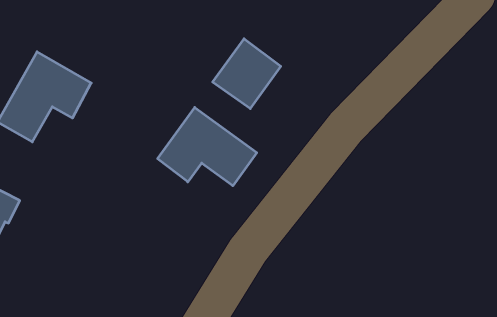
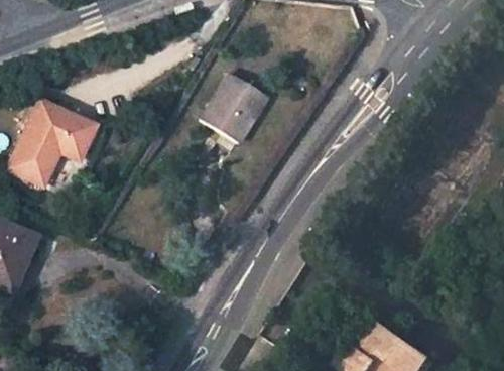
building: [158,107,257,186] -> none

